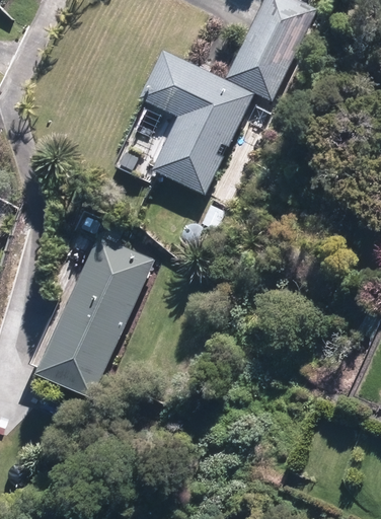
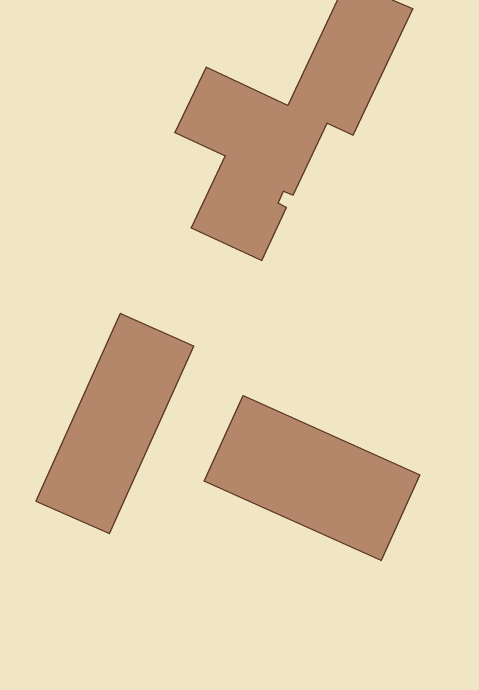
building: none -> [204,396,420,561]

